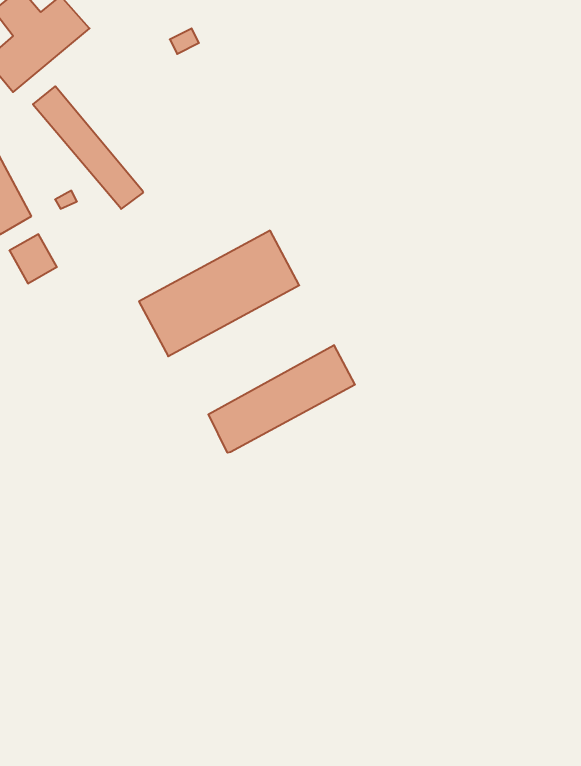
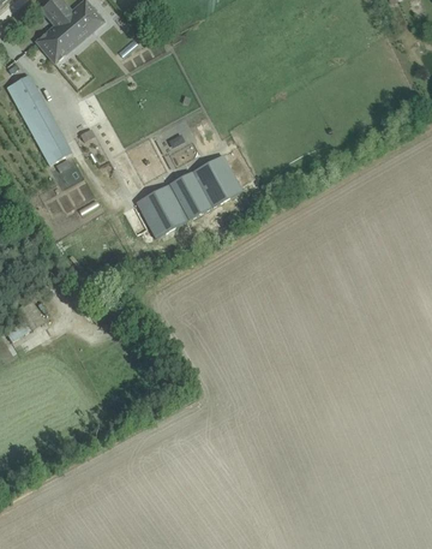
building: [33,86,143,209] -> none
building: [208,345,355,453] -> none

